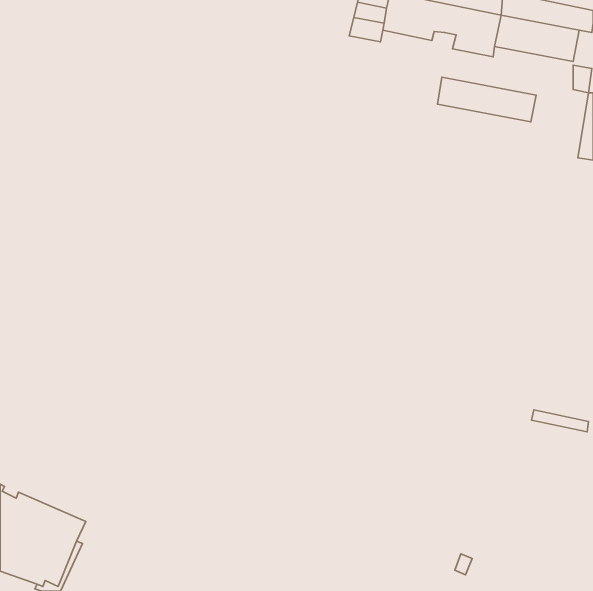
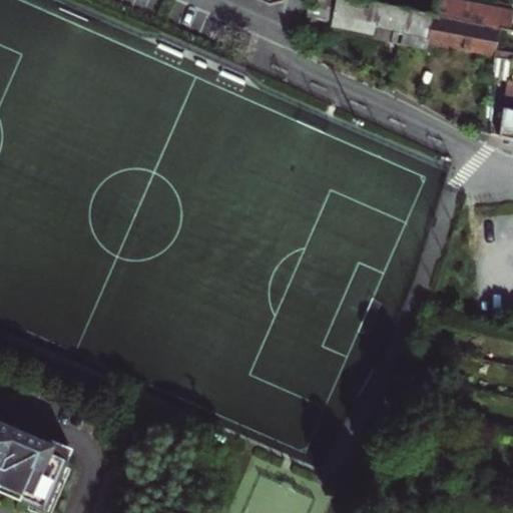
building: [438,77,536,122] -> none

